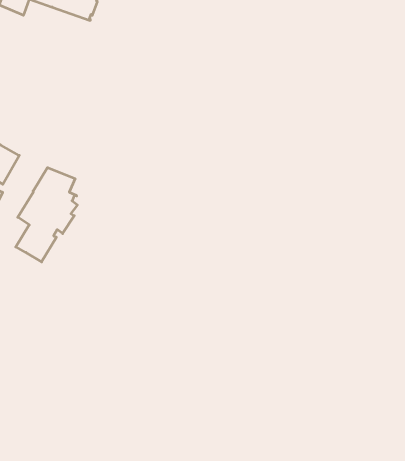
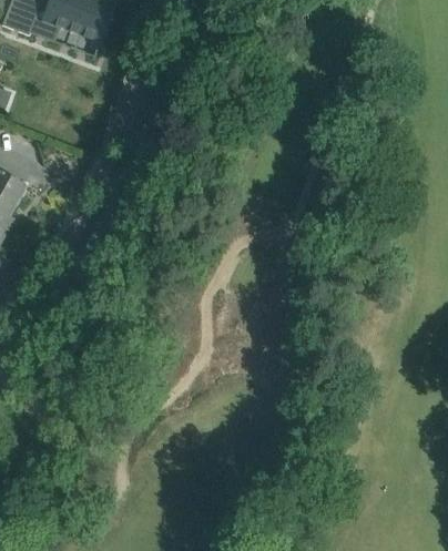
building: [16,168,77,262] -> none

